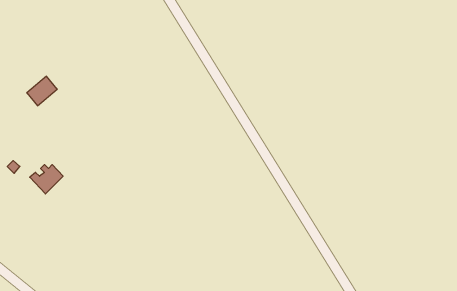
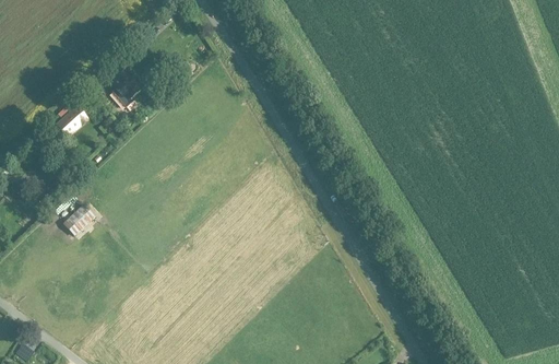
building: none -> [112,70,141,107]

